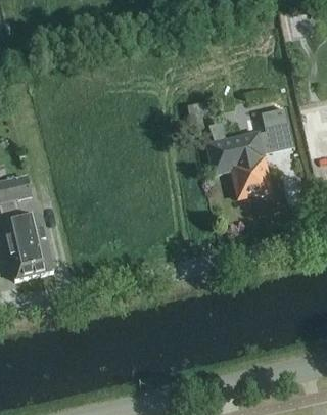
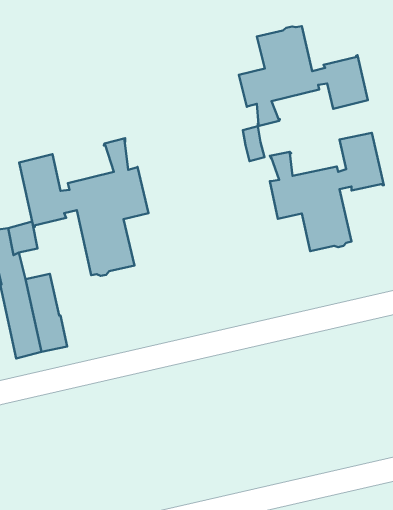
building: none -> [239,26,368,126]
building: none -> [19,138,149,276]

